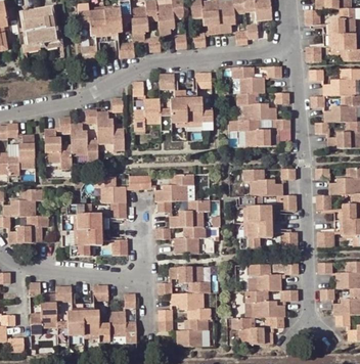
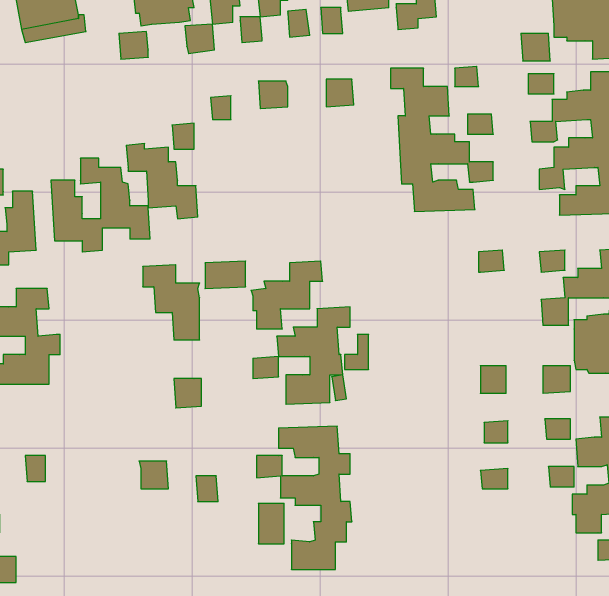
building: [133,90,214,131] -> none
building: [238,169,297,248] -> none
building: [69,203,109,257] -> none
building: [231,264,284,344] -> none
building: [31,286,137,344] -> none

